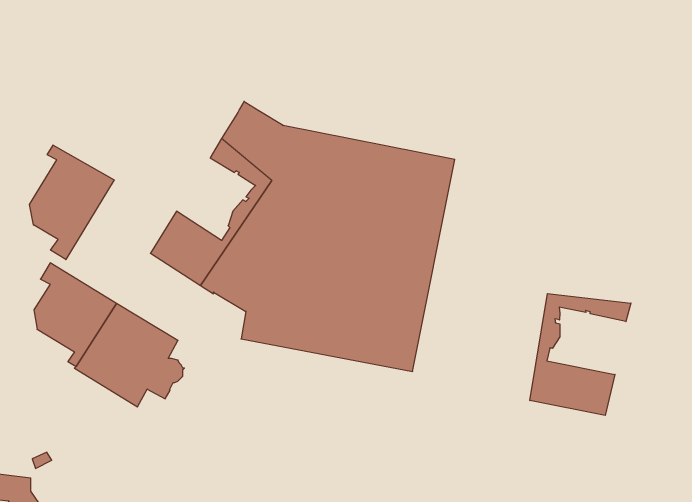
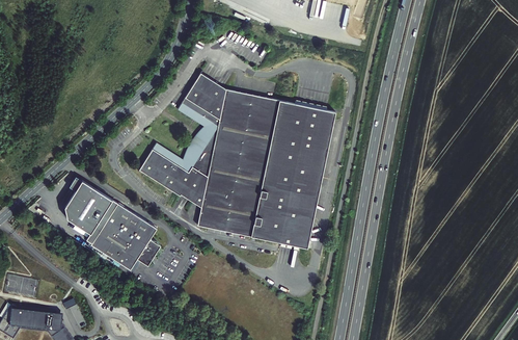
building: [30,145,114,260] -> none
building: [530,294,631,415] -> none

